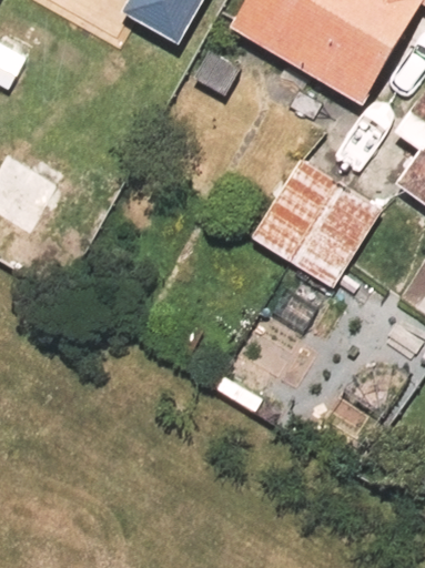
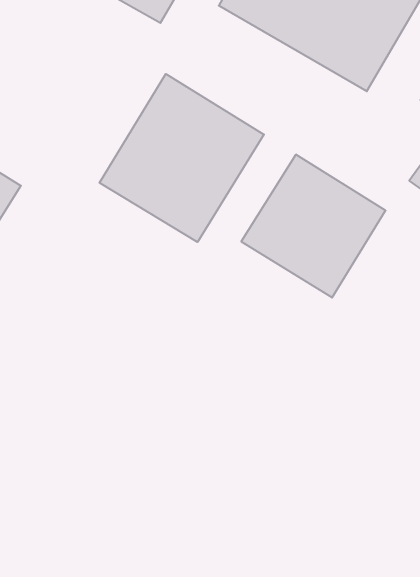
building: none -> [100,74,264,242]

